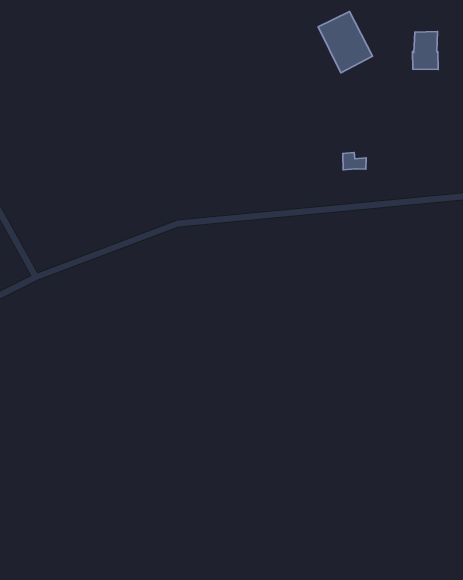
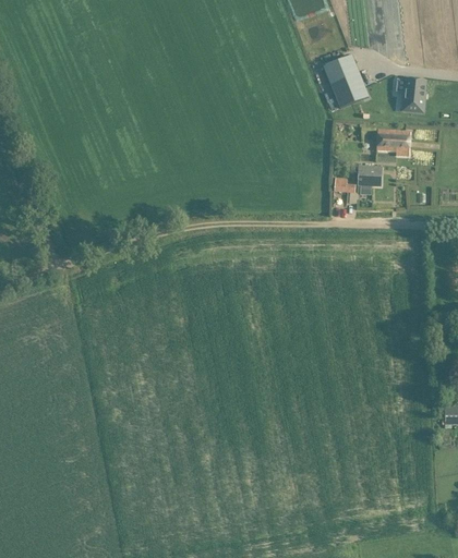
building: none -> [376,129,410,156]
building: none -> [358,166,381,185]

